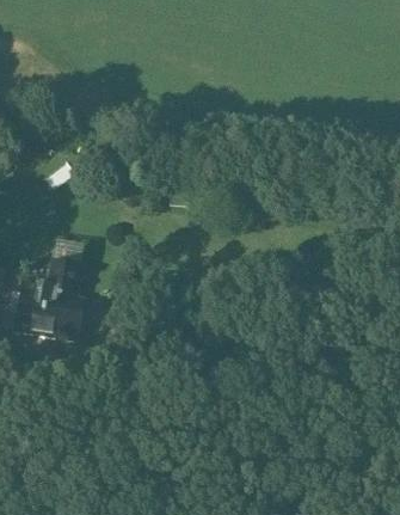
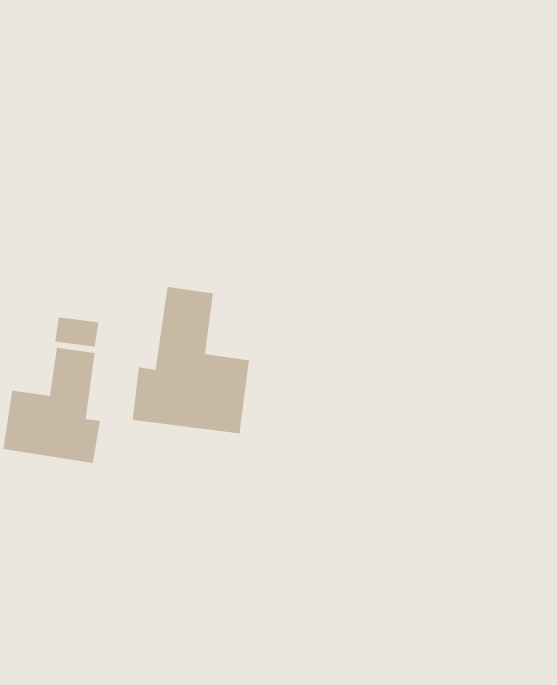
building: none -> [132,286,250,434]

